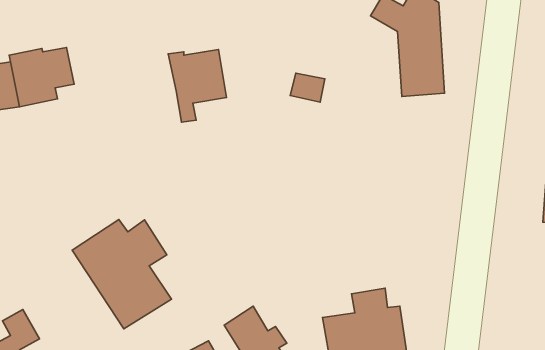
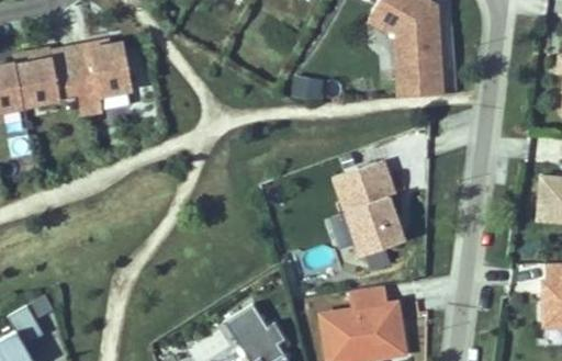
building: [168,49,226,122] -> [70,45,127,116]
building: none -> [334,160,403,255]
building: [72,220,172,329] -> none

